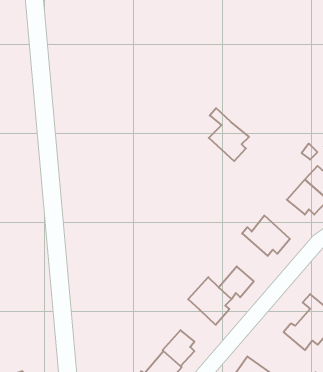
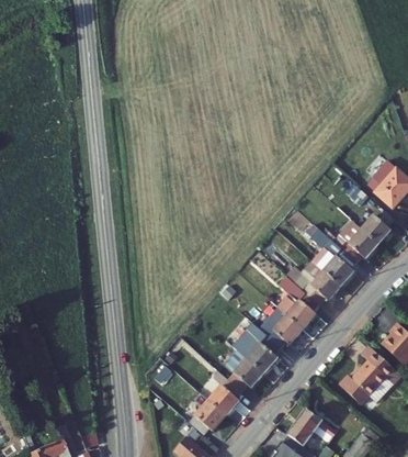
building: [209,108,249,161] -> [314,232,355,287]
building: none -> [280,281,317,331]
building: none -> [227,360,263,393]

